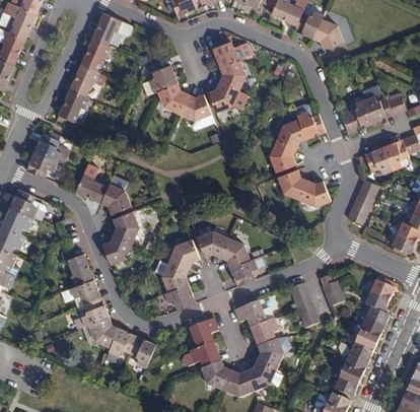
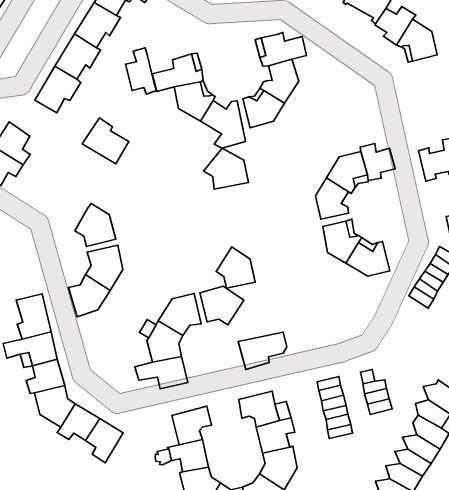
building: none -> [125,48,157,94]
building: none -> [204,148,248,189]
building: [73,173,107,204] -> [82,118,129,164]
building: [219,237,249,268] -> [216,247,255,288]

